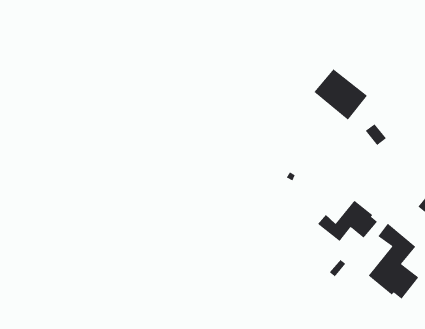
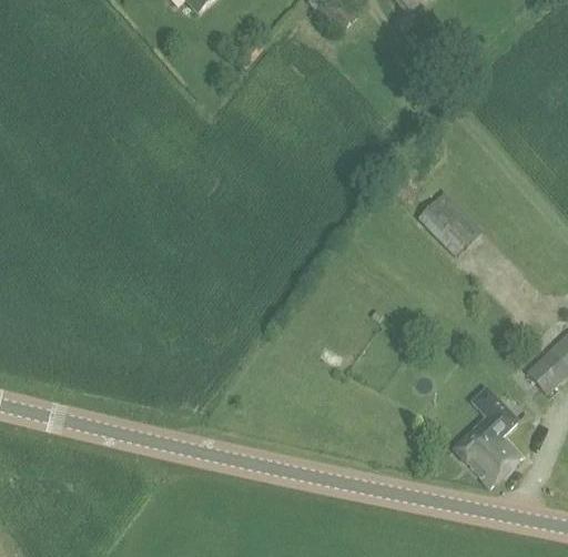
building: [317,200,378,242] -> none

